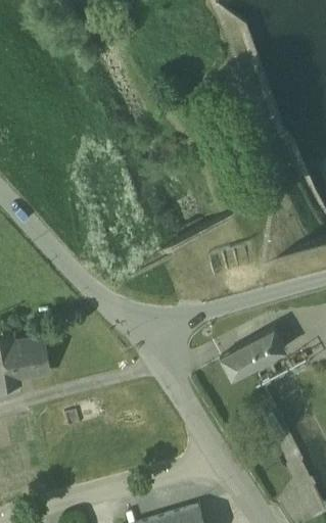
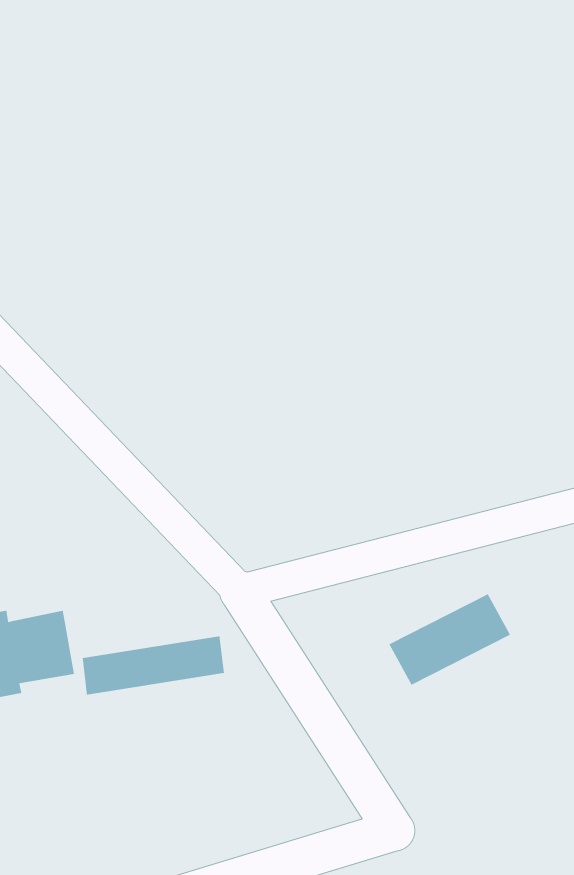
building: none -> [82,635,224,696]

